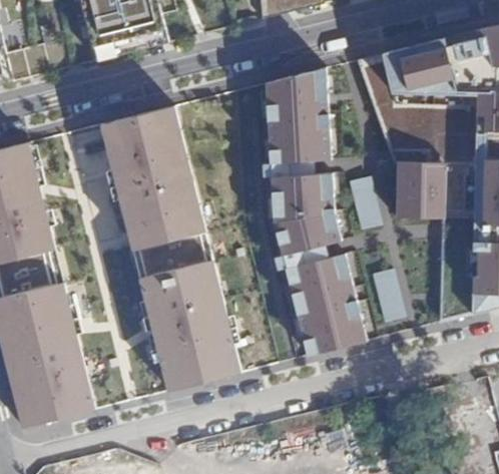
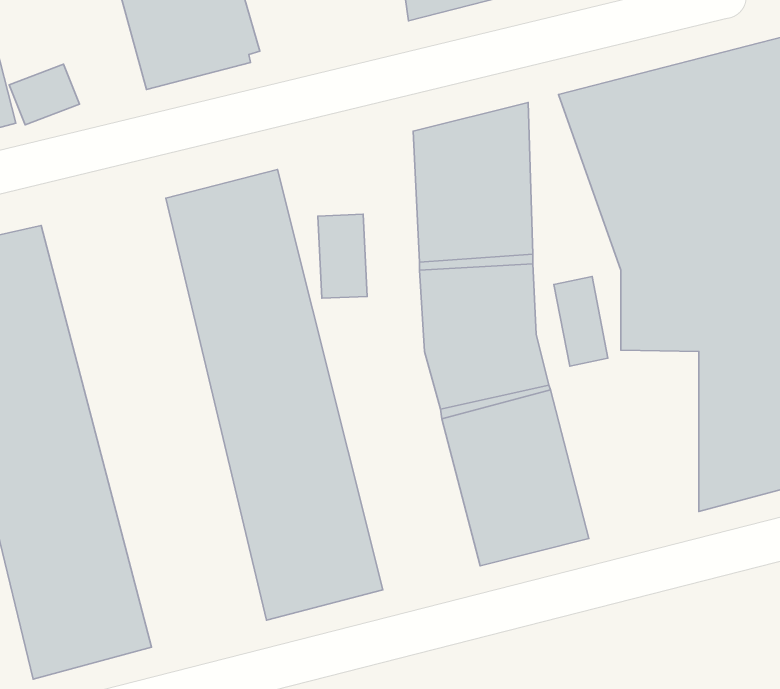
building: none -> [318,214,367,298]
building: [371,268,407,322] -> none

